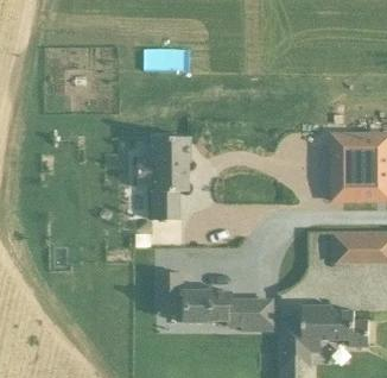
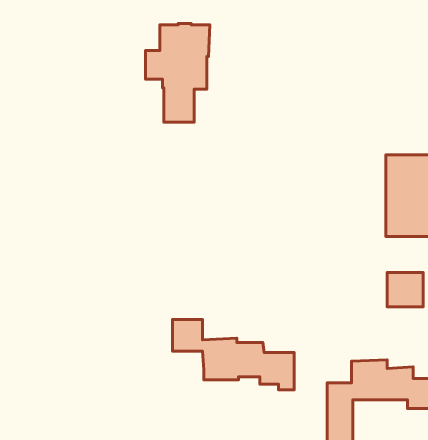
building: [138,138,191,220] -> [145,23,210,122]

